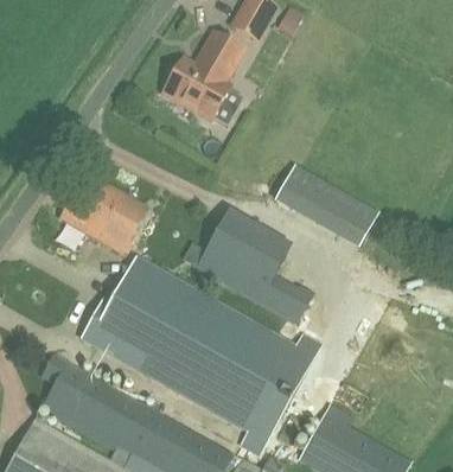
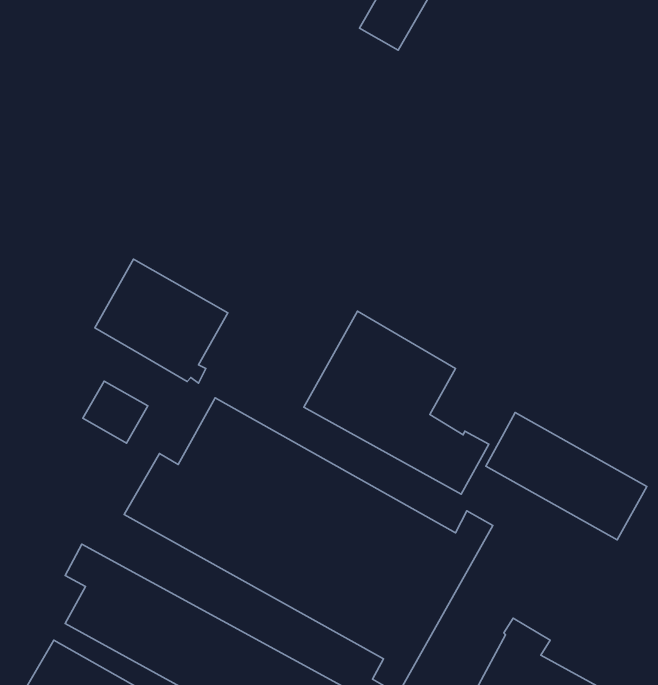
building: [164,33,243,120] -> none
building: [275,166,378,248] -> [486,412,647,540]
building: none -> [83,381,148,443]

